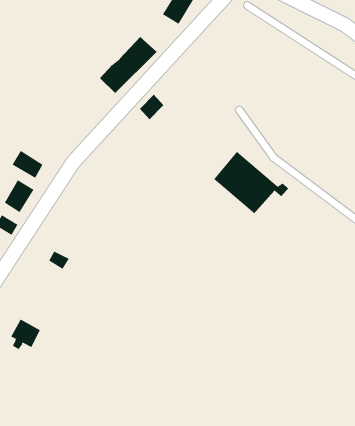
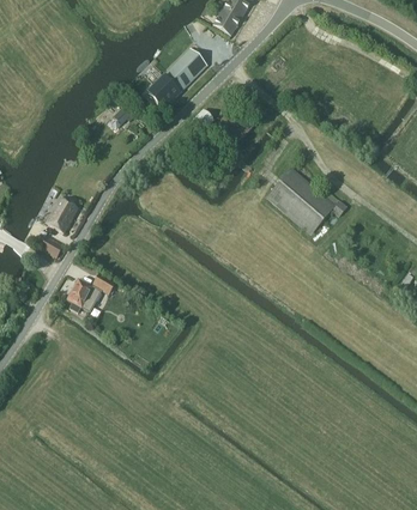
building: [11,150,44,179] -> none
building: [10,319,41,350] -> [68,279,101,312]

